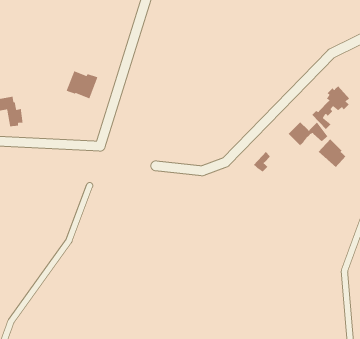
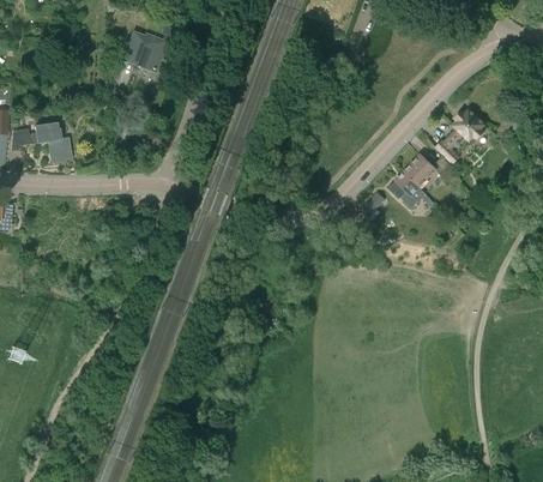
building: [65,70,98,100] -> [123,32,165,70]
building: [318,139,346,168] -> [390,170,426,207]

